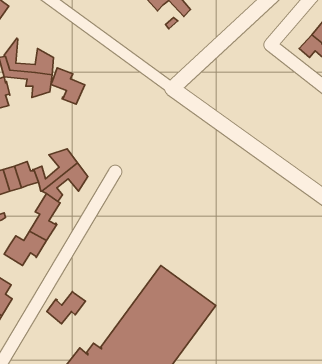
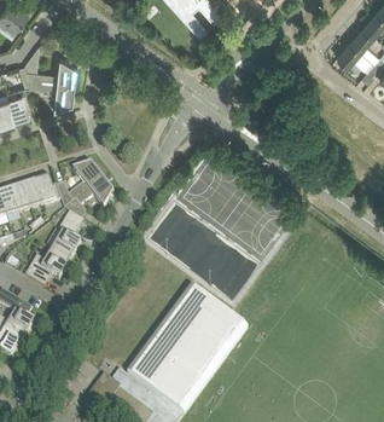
building: [51,68,85,104] -> none
building: [47,292,86,324] -> none

